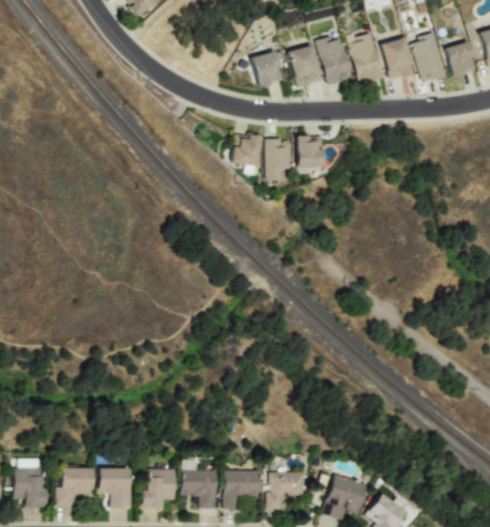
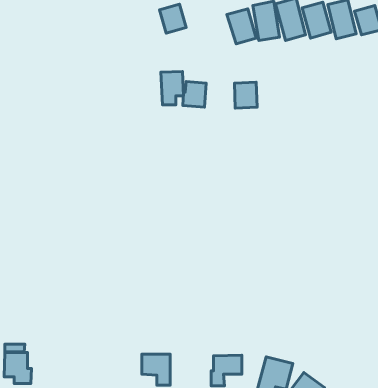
building: [251,50,284,86] -> [159,4,186,33]
building: [266,139,293,180] -> [161,71,183,105]
building: [58,467,92,507] -> none
building: [98,467,131,506] -> none
building: [142,468,176,507] -> none
building: [224,469,260,507] -> none

